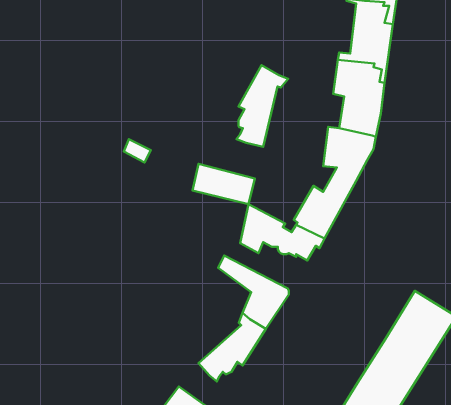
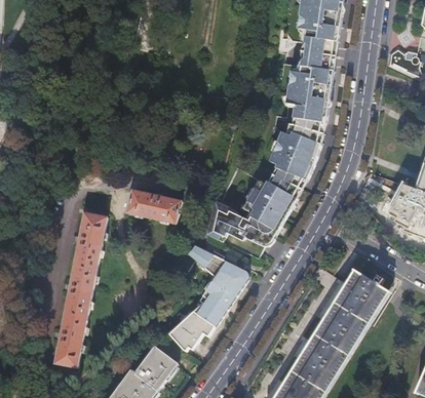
building: [237,65,288,147] -> none
building: [192,164,255,204] -> [127,187,180,221]
building: none -> [54,210,107,362]

